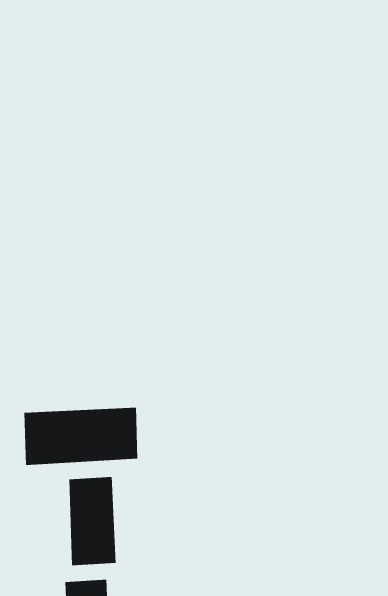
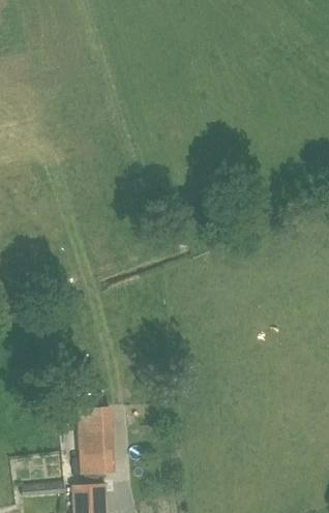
building: [24,407,138,466] -> none

